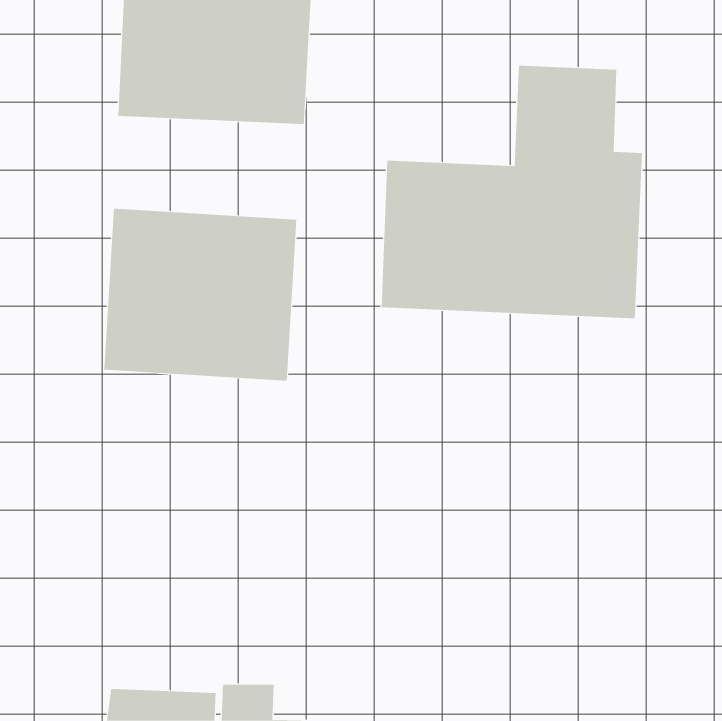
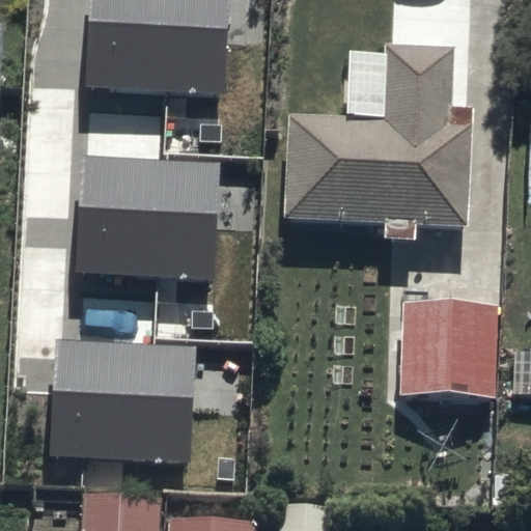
building: none -> [397,313,496,408]
building: none -> [50,337,196,460]

